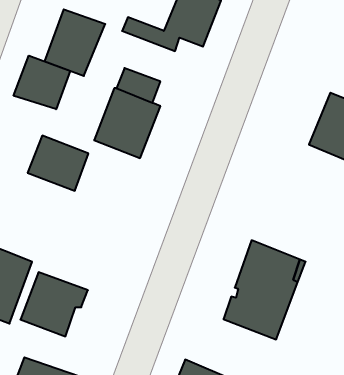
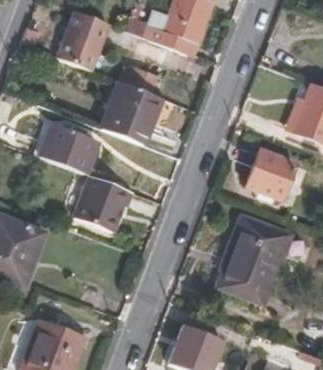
building: [14,56,70,109] -> none
building: none -> [245,149,292,198]
building: [20,272,88,336] -> [71,174,131,231]

